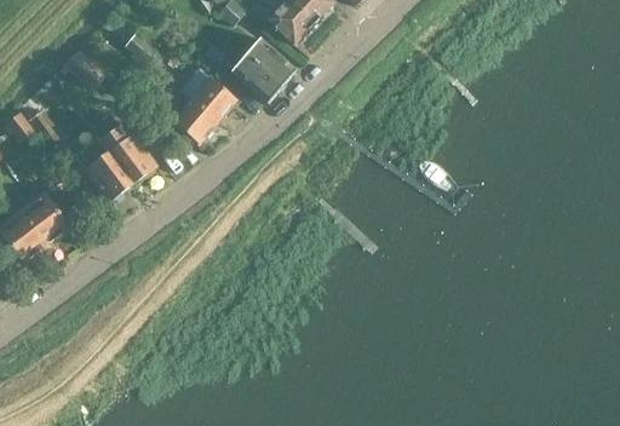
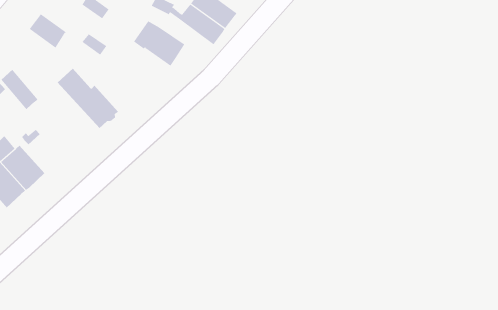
building: [173,98,219,143] -> none
building: [76,132,134,201] -> none

